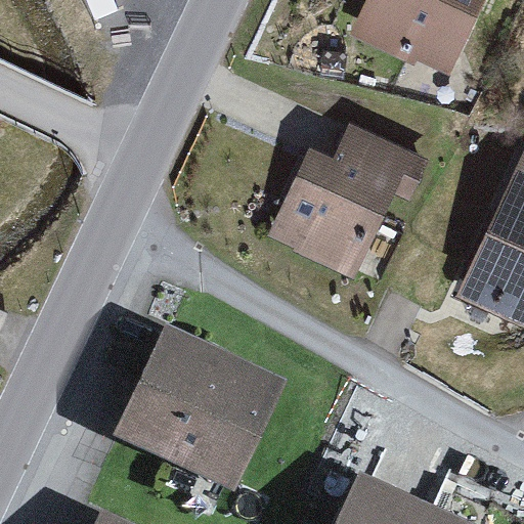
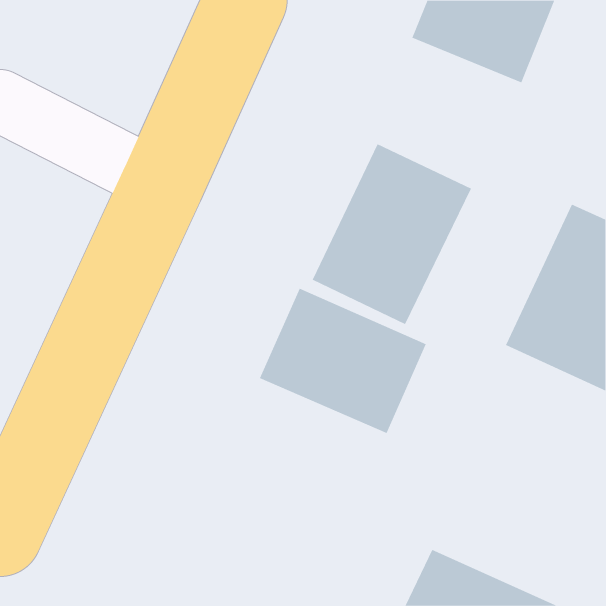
building: none -> [259,288,426,434]
building: [133,332,292,482] -> none

